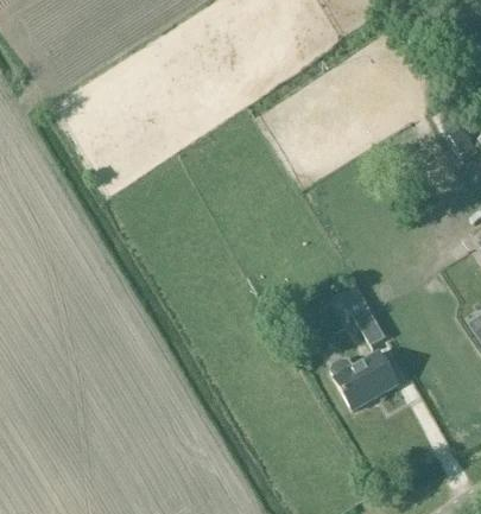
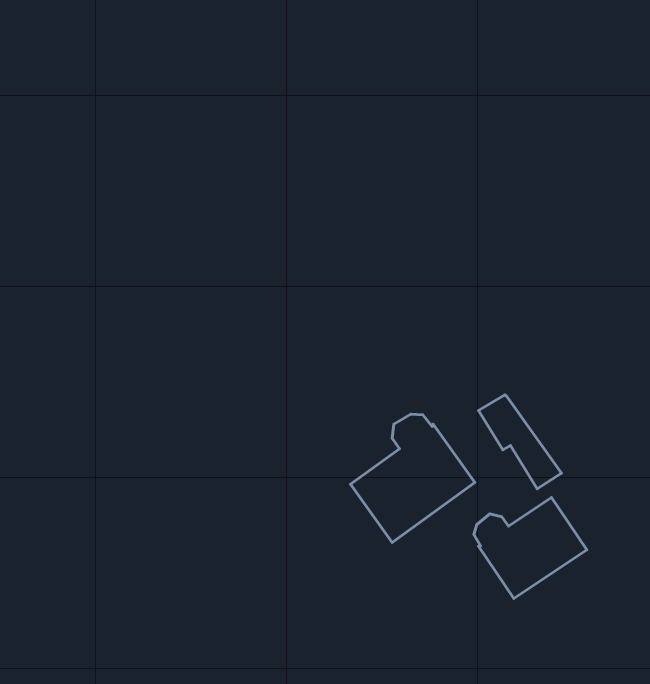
building: none -> [350,414,475,542]

